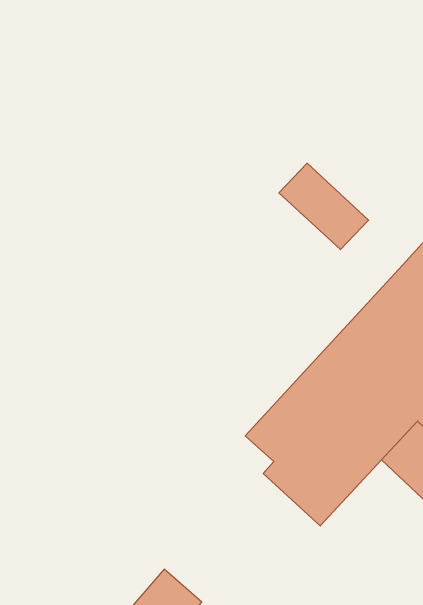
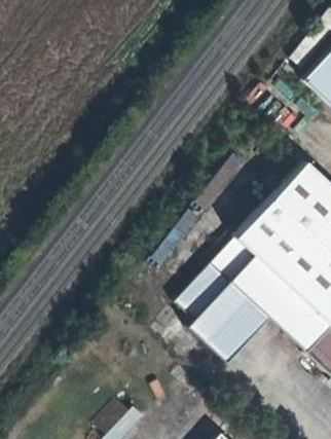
building: [279,163,369,250] -> none

